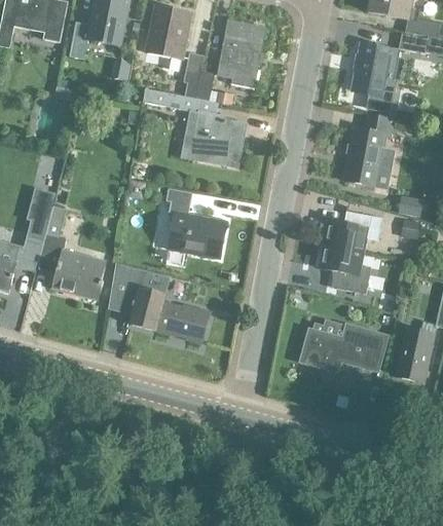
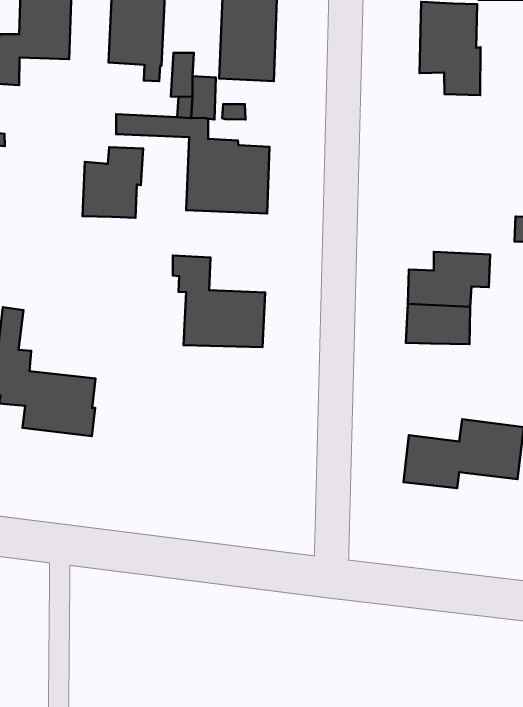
building: none -> [82,147,143,218]
building: [344,113,393,184] -> none
building: [109,263,210,343] -> none
building: [329,264,369,293] -> none

